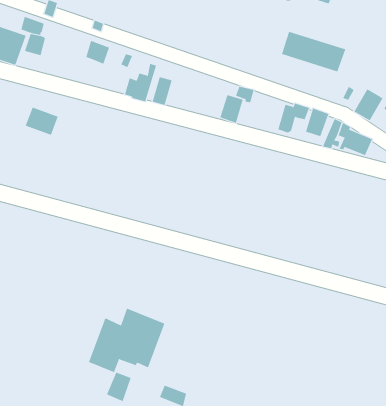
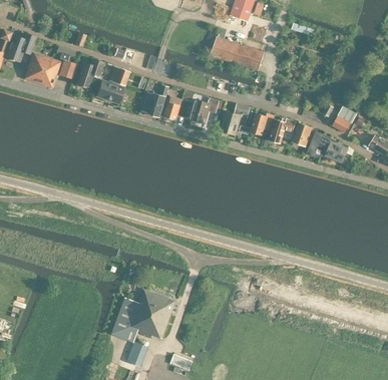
building: [281,31,346,72] -> [211,37,265,71]
building: none -> [75,59,103,88]
building: none -> [187,104,218,128]
building: none -> [250,112,274,135]
building: [25,107,59,136] -> [96,80,124,104]

